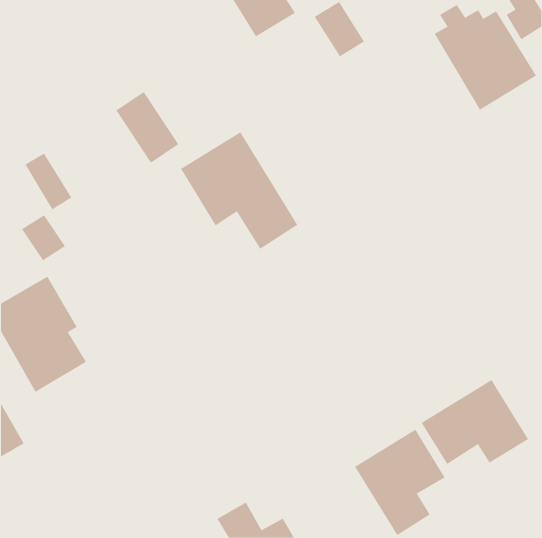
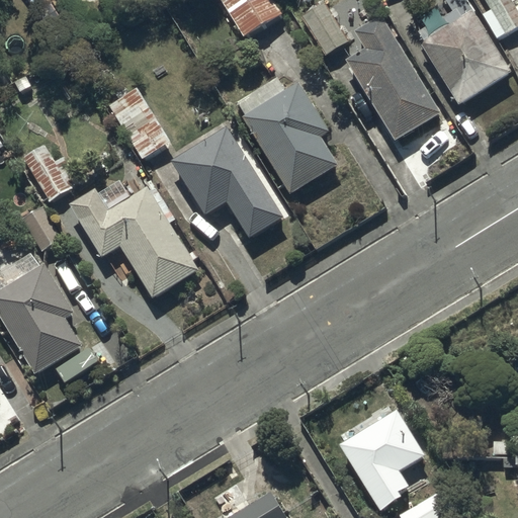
building: none -> [344,14,440,141]
building: none -> [238,76,336,194]
building: none -> [69,185,200,300]
building: [421,379,529,465] -> none

